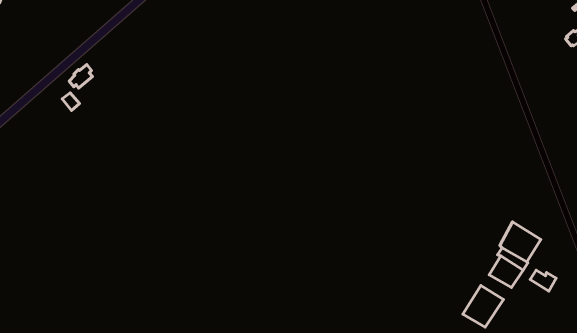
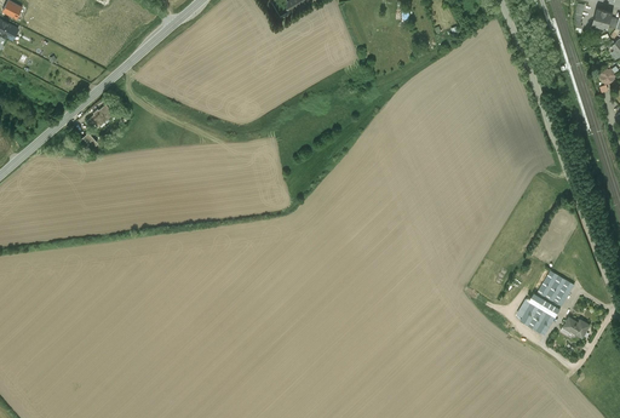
building: [463,285,504,327] -> none

